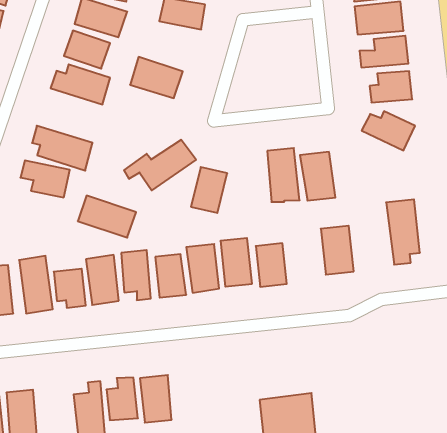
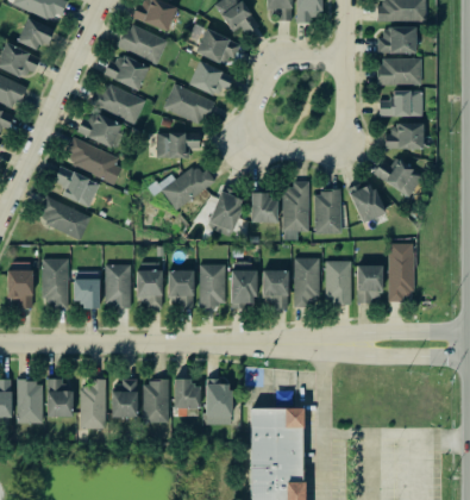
building: none -> [188,62,233,95]
building: none -> [77,110,126,150]
building: none -> [156,132,199,157]
building: none -> [349,182,384,223]
building: none -> [251,192,277,223]
building: [78,196,136,238] -> [36,196,90,239]
building: none -> [294,257,320,305]
building: none -> [357,265,383,304]
building: none -> [206,382,231,425]
building: none -> [174,379,200,408]
building: none -> [46,379,73,417]

